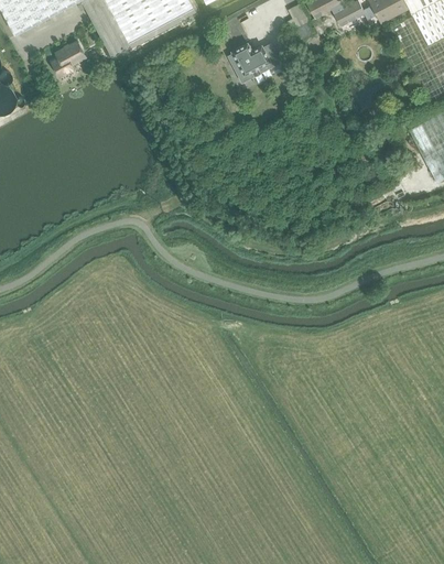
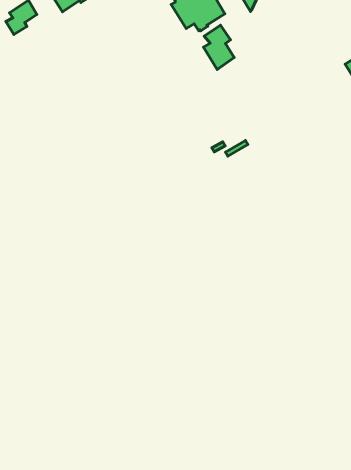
building: none -> [203,25,234,70]

